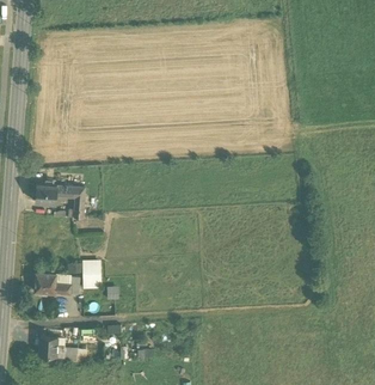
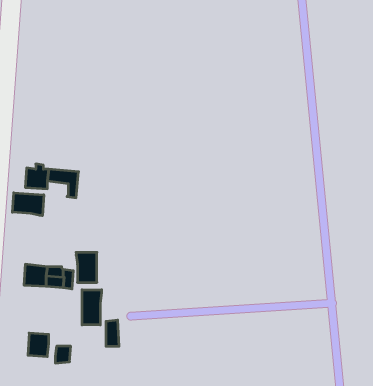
building: none -> [12,193,44,216]
building: none -> [82,290,102,325]

